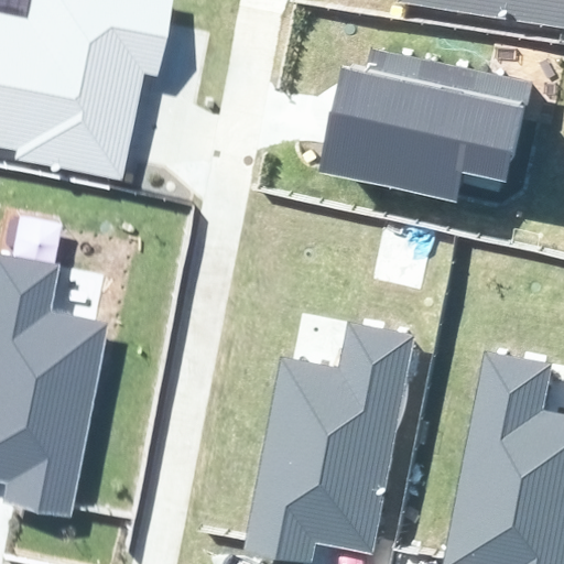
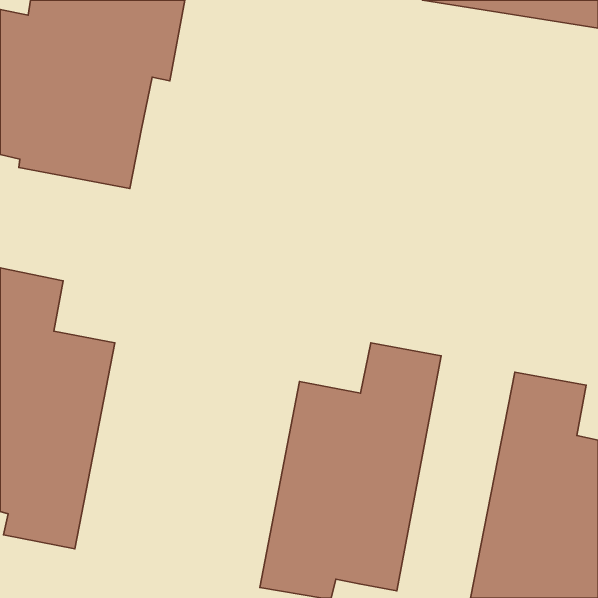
building: [318,48,531,204] -> none

